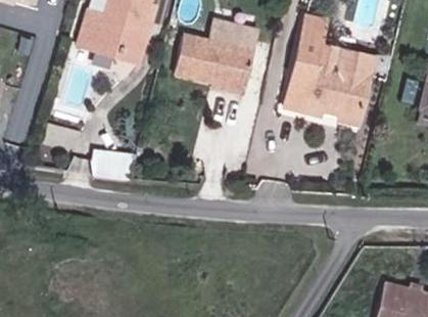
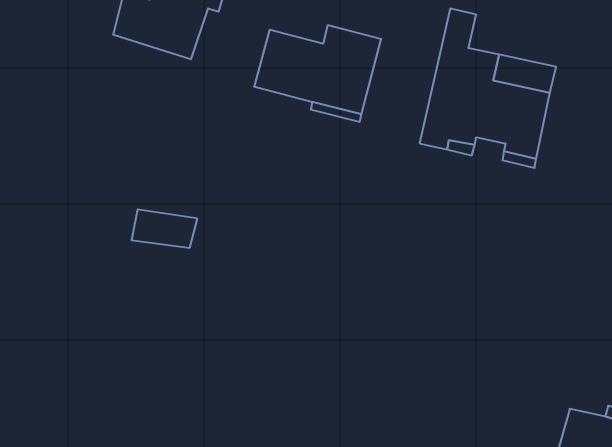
building: [77,17,150,61] -> none

